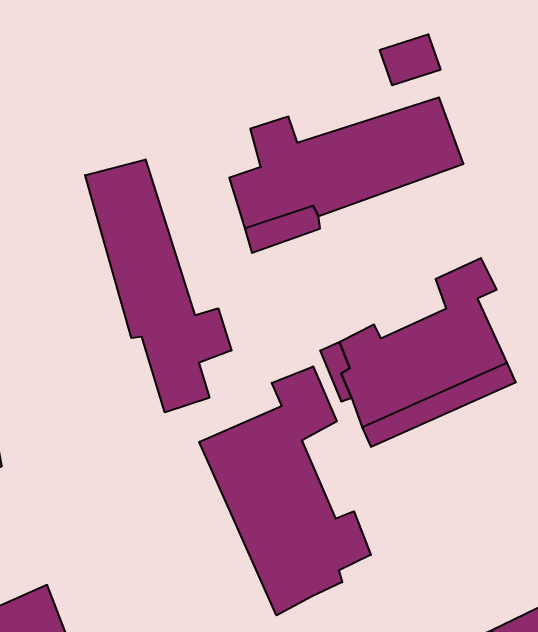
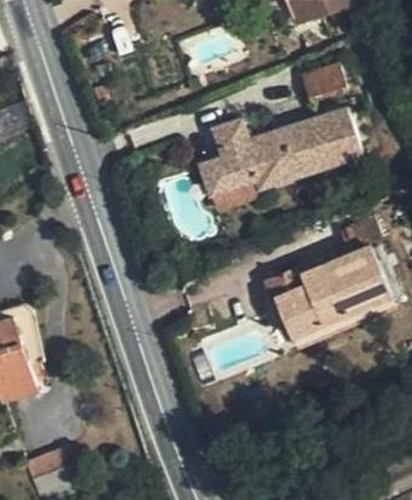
building: [85,159,232,412] -> none
building: [199,366,371,615] -> none

